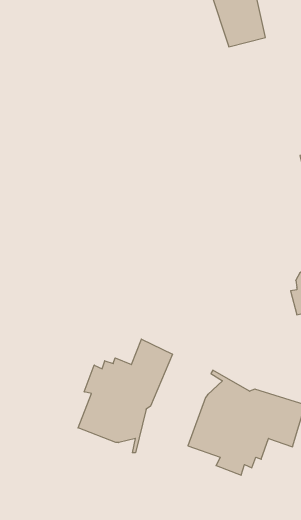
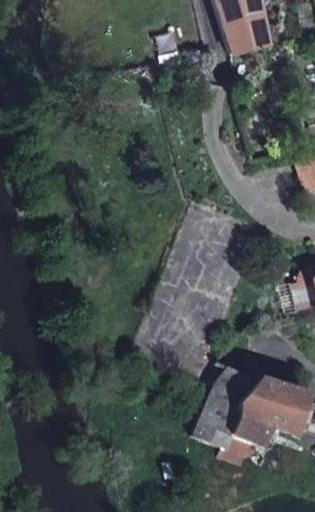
building: [78,339,172,453] -> none

